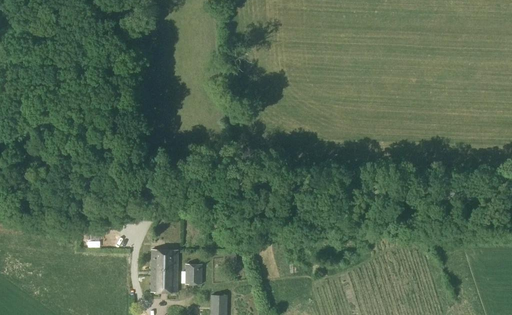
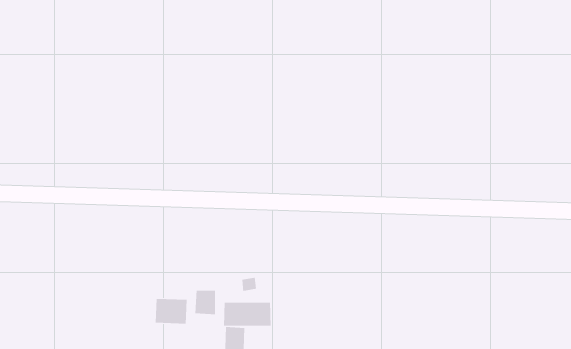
building: [152,250,179,272] -> none
building: none -> [224,302,271,327]

